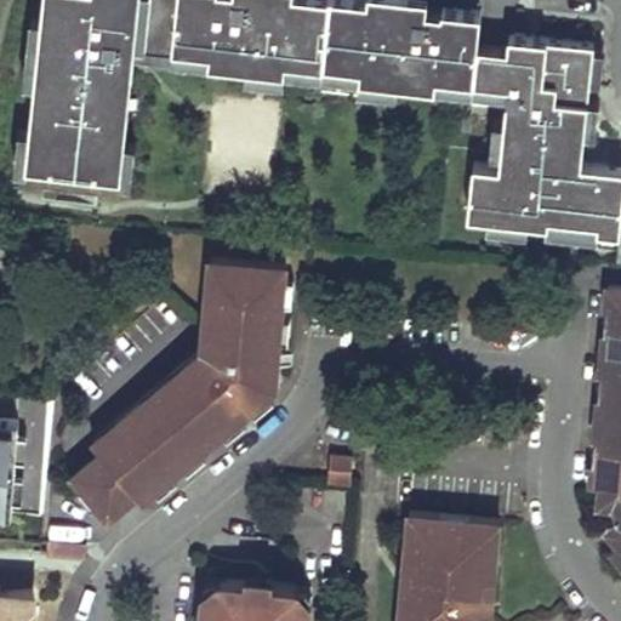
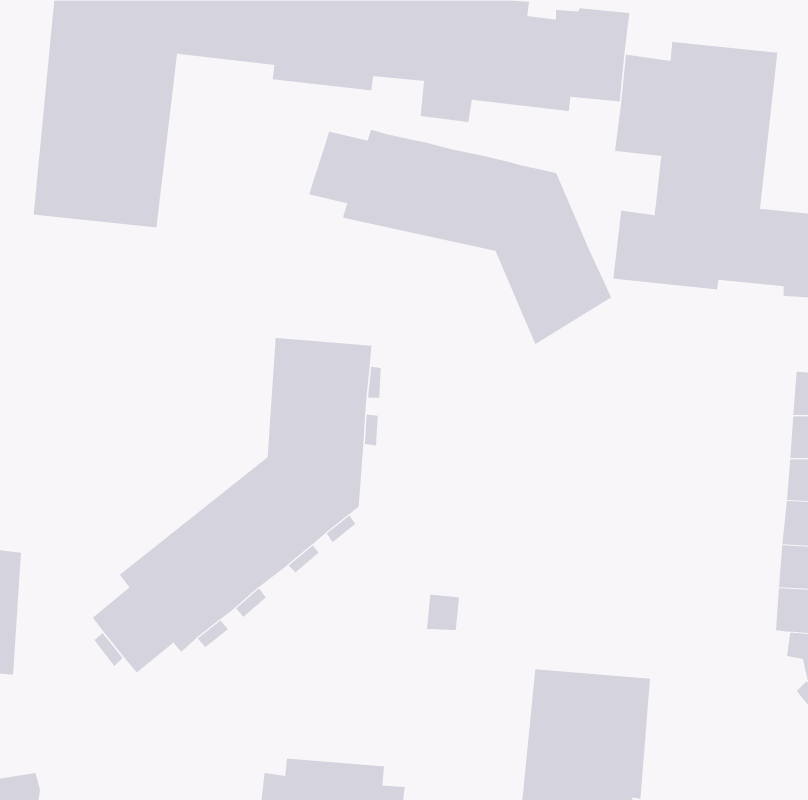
building: none -> [308,129,612,345]

